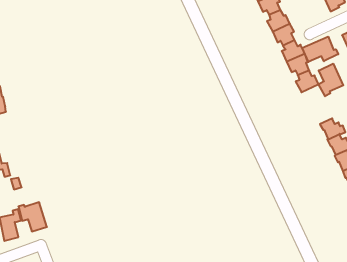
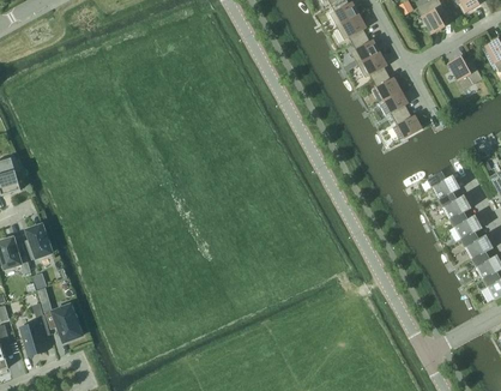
building: [302,37,338,62] -> none
building: [319,64,343,96] -> none
building: none -> [25,223,52,258]

